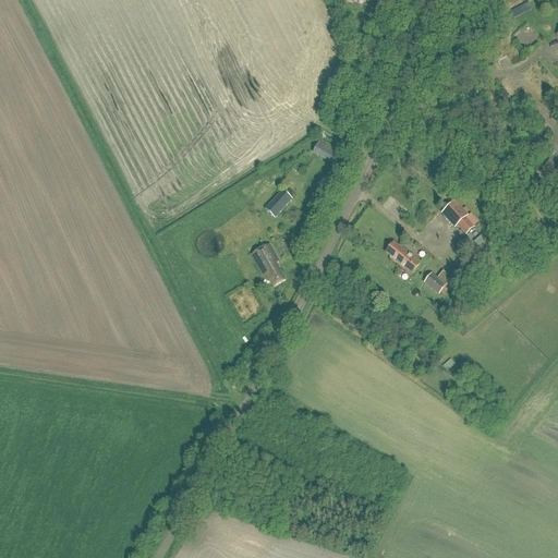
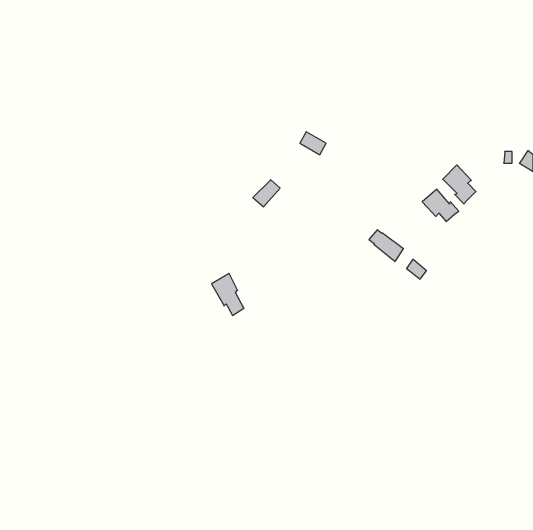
building: none -> [443,165,476,204]
building: [251,241,284,284] -> [212,274,244,315]

